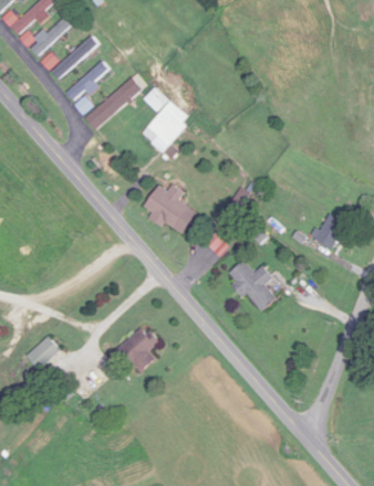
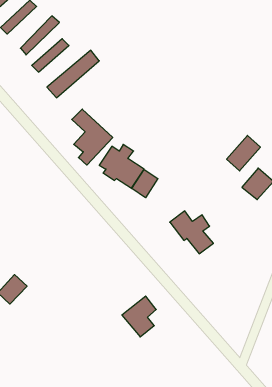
building: [143,86,190,151] -> [72,109,113,165]
building: none -> [227,135,260,171]
building: none -> [132,169,158,198]
building: [118,326,158,373] -> [122,296,156,337]

